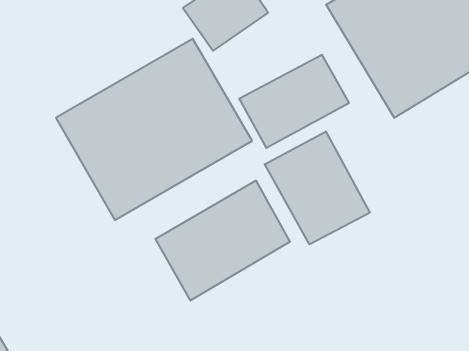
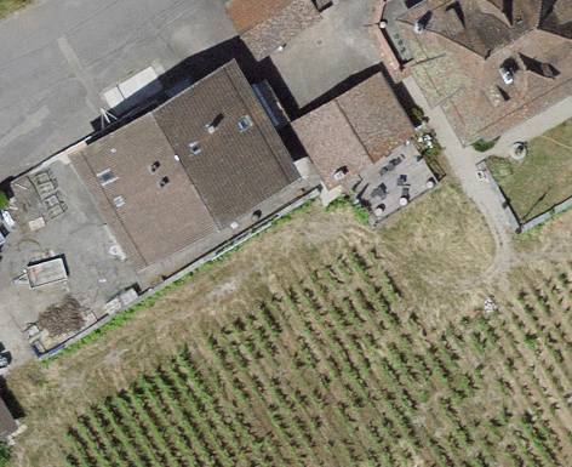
building: [265,131,370,244] -> none
building: [155,181,290,301] -> none

